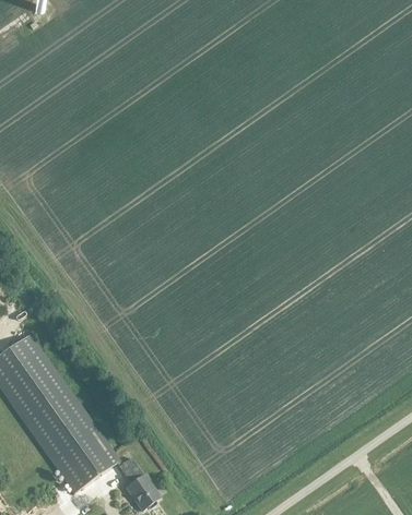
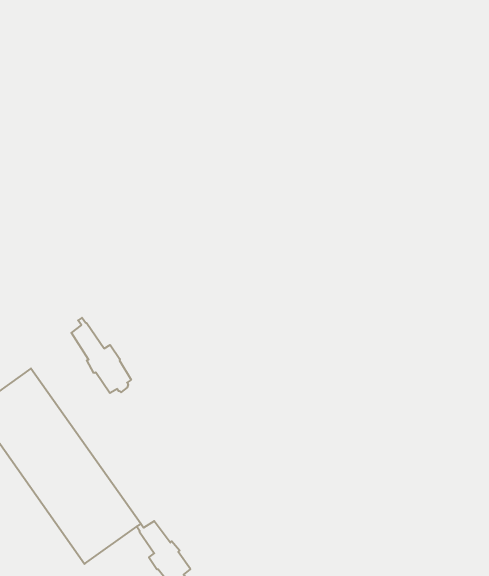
building: none -> [71,318,131,393]

